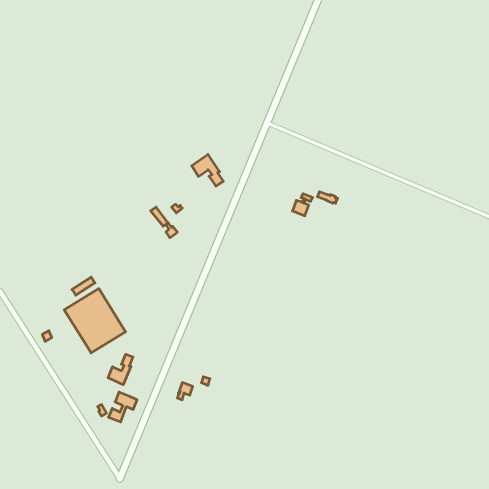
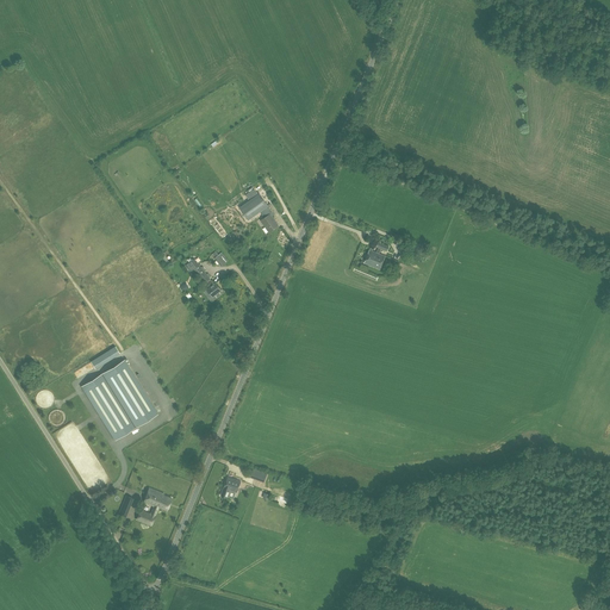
building: [108,354,133,385] -> none

